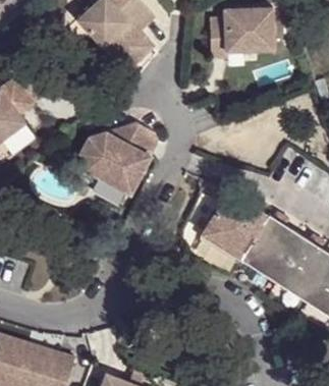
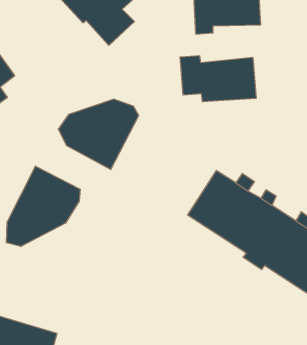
building: none -> [180,56,256,102]
building: none -> [6,166,80,247]

